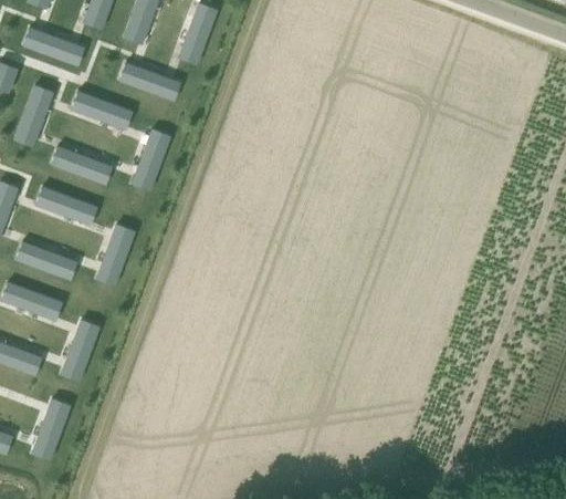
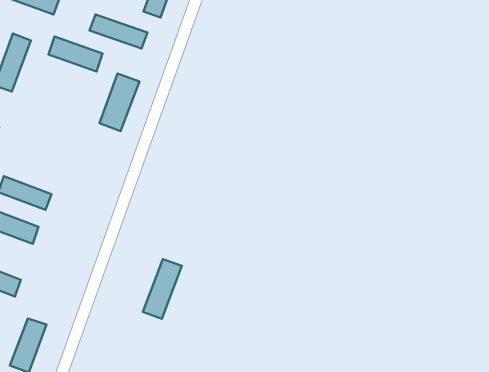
building: [51,148,111,186] -> none
building: [38,185,97,223] -> none
building: [93,225,137,293] -> none
building: [57,322,101,388] -> [143,259,182,319]

